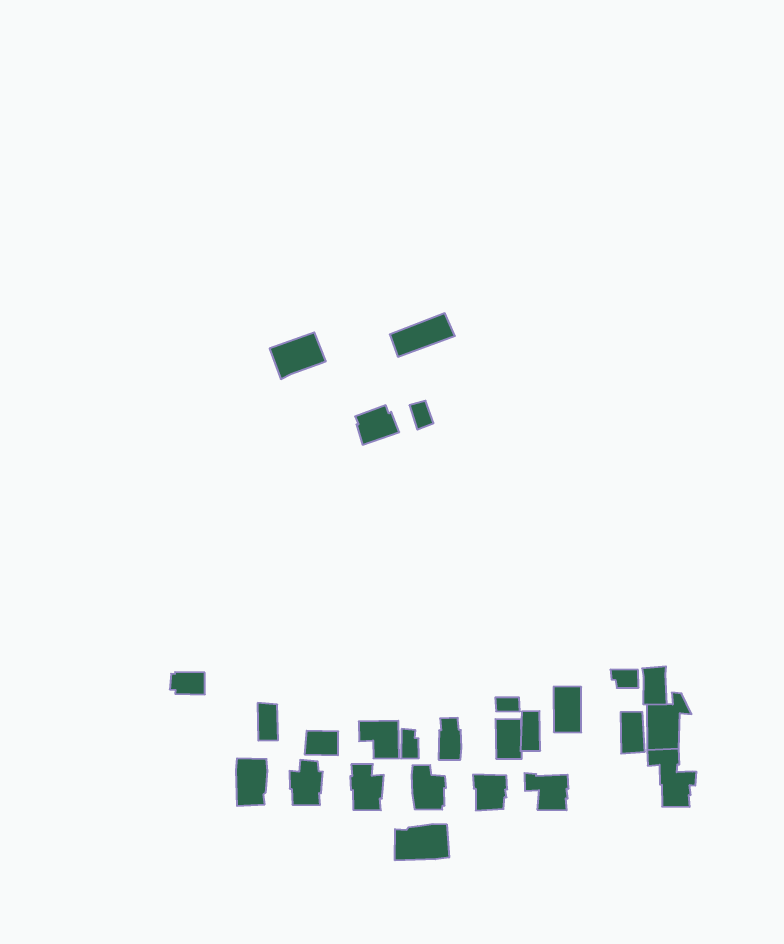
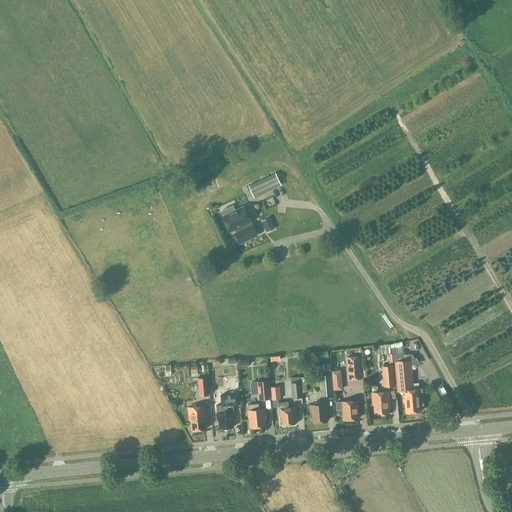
building: [270,332,326,379] -> [223,207,252,232]
building: none -> [372,391,390,415]
building: [395,824,449,860] -> none

